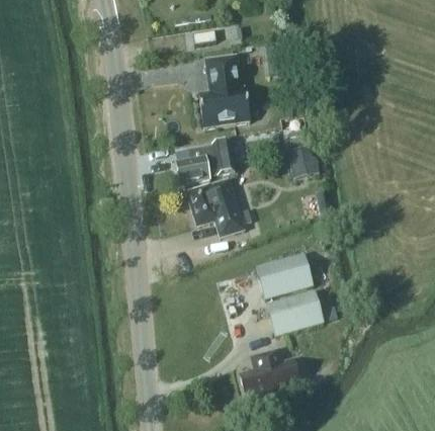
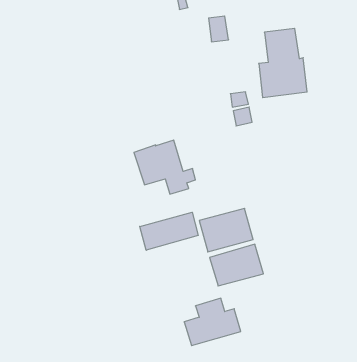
building: [198,54,250,127] -> [259,28,307,98]
building: [175,140,234,184] -> none
building: none -> [140,212,198,250]

